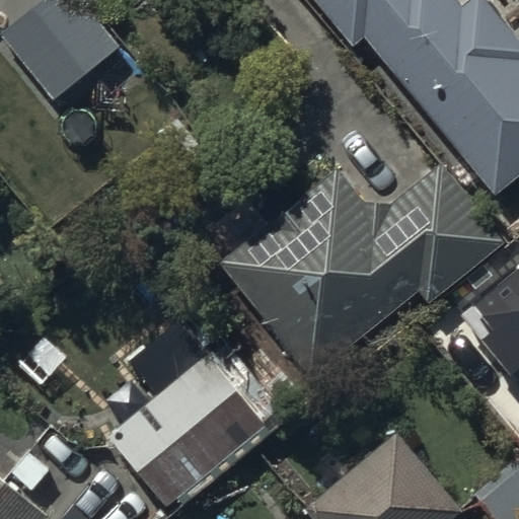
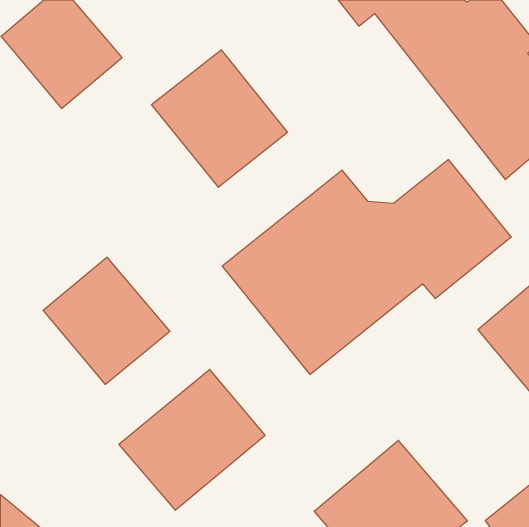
building: none -> [152,50,287,187]
building: none -> [43,257,170,384]

